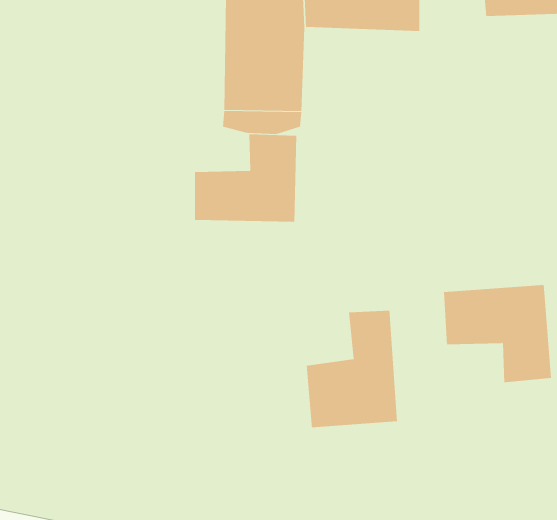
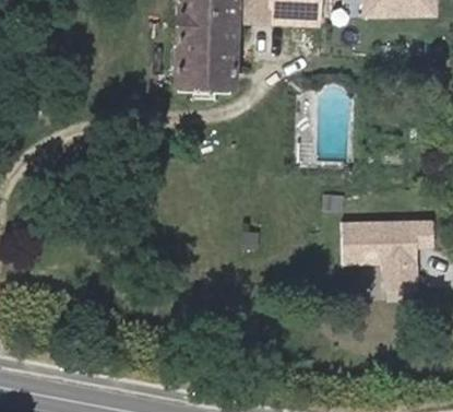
building: [194,134,297,223] -> none
building: [306,310,398,428] -> none

